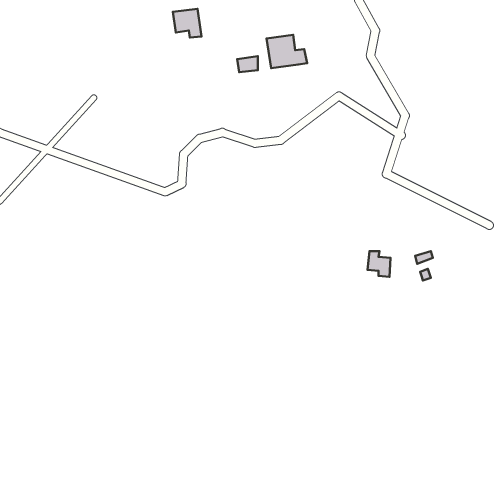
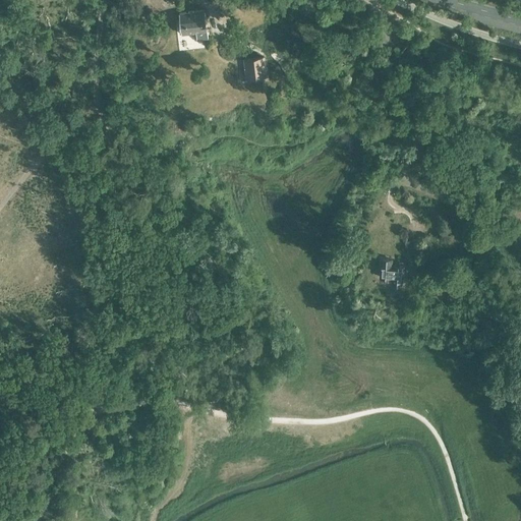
building: [266,35,307,68] -> none

